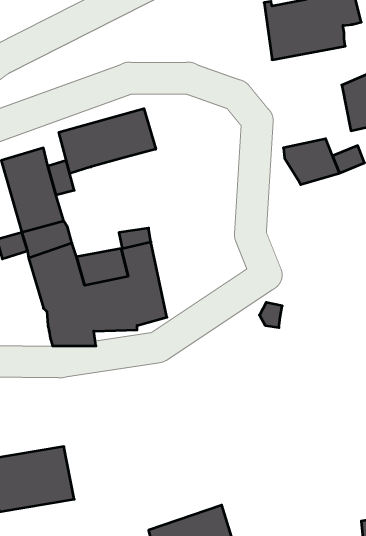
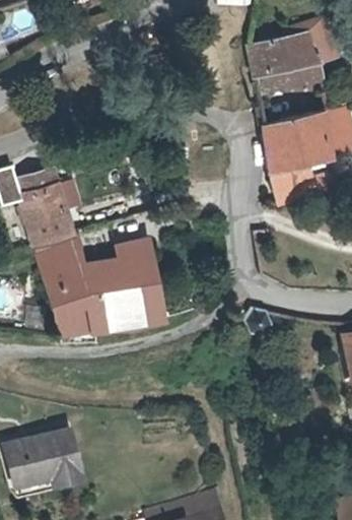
building: none -> [261,112,327,170]
building: [59,109,156,173] -> none

